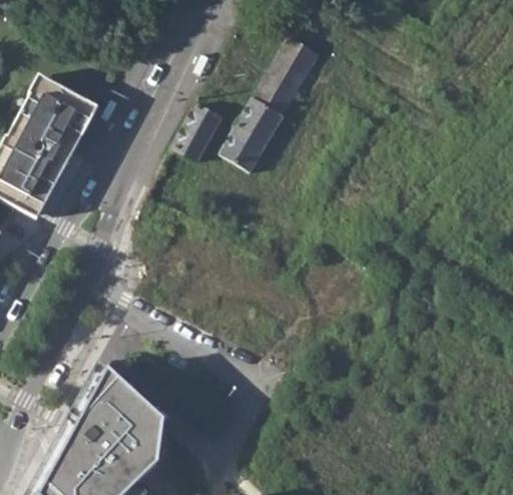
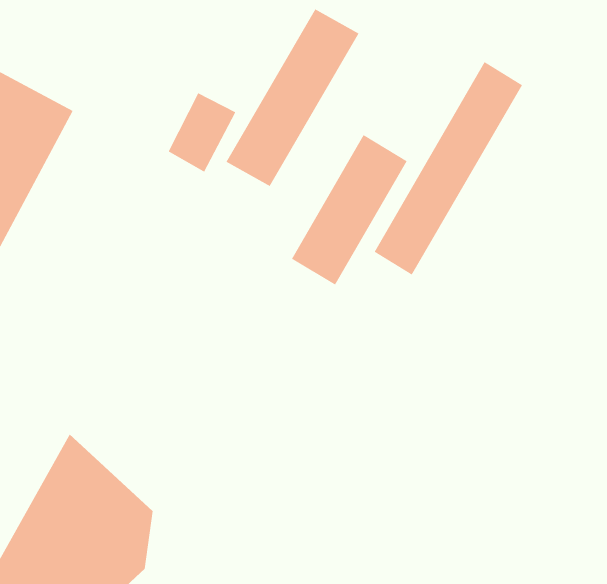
building: none -> [374,61,523,275]
building: none -> [291,134,408,285]

